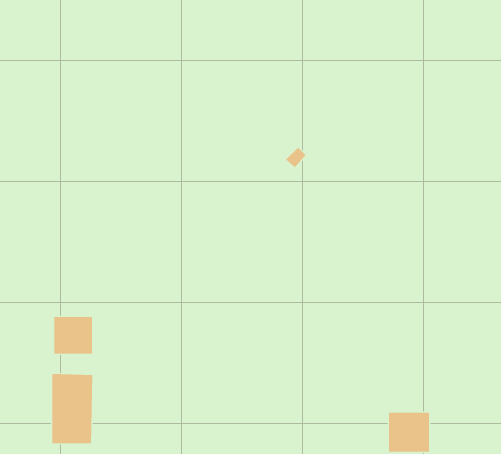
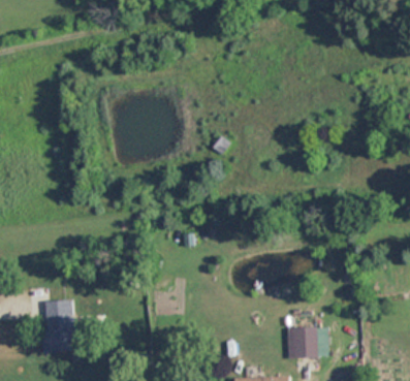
building: [54,316,93,355] -> none

